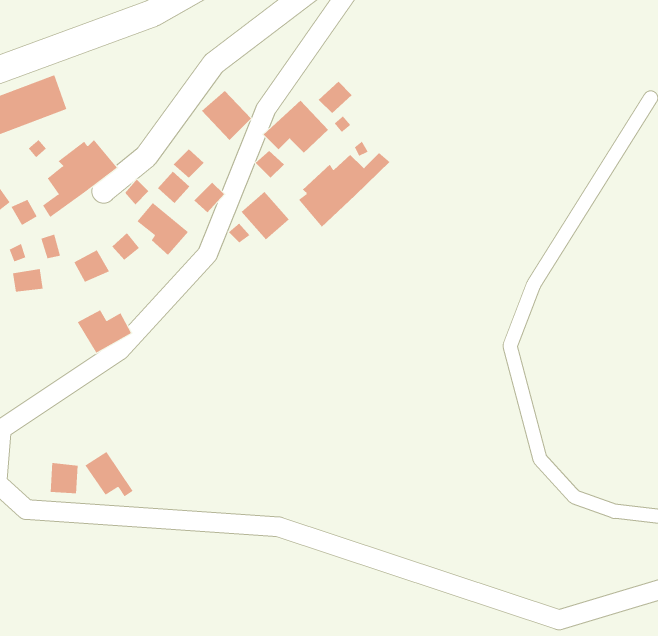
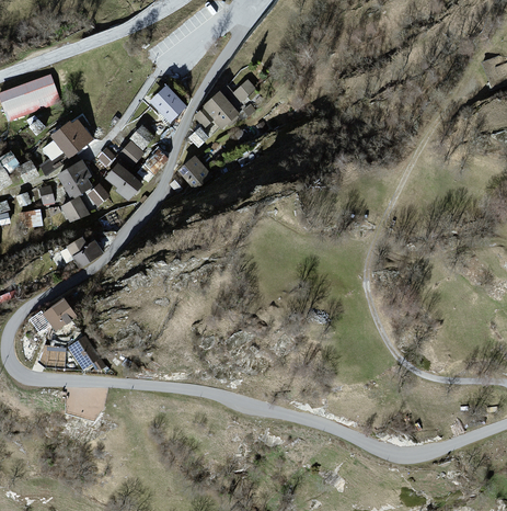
building: [298,152,390,227] -> none
building: none -> [58,160,92,198]
building: none -> [43,297,77,331]

